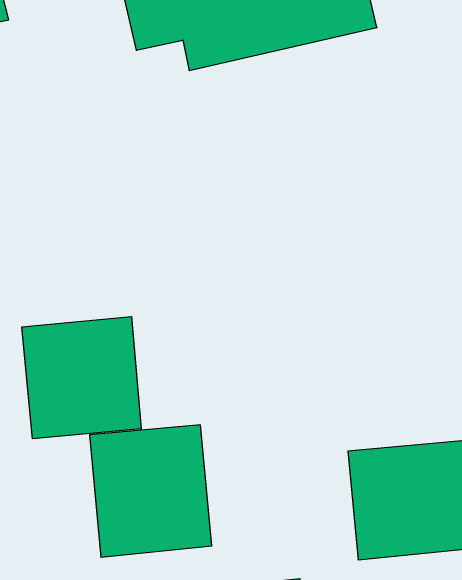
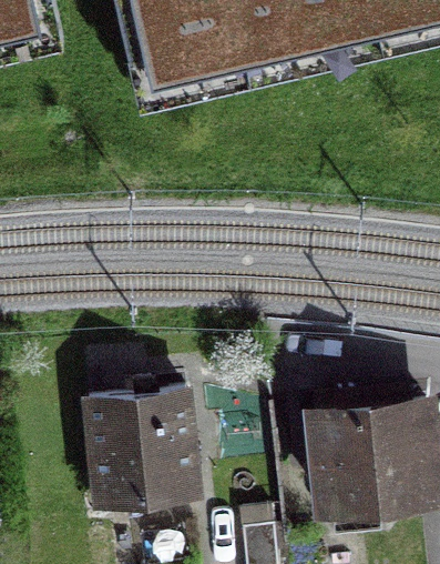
building: [22,317,141,439] -> none

